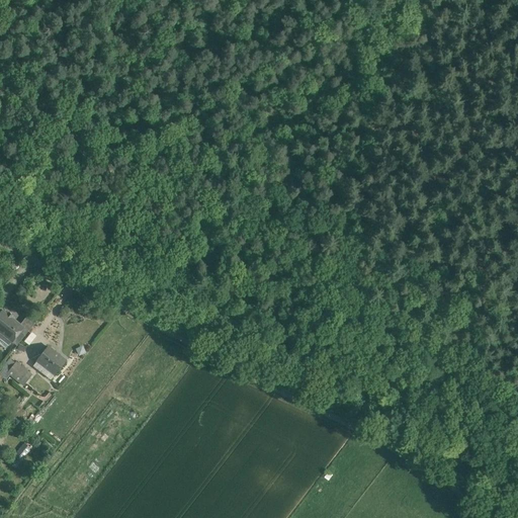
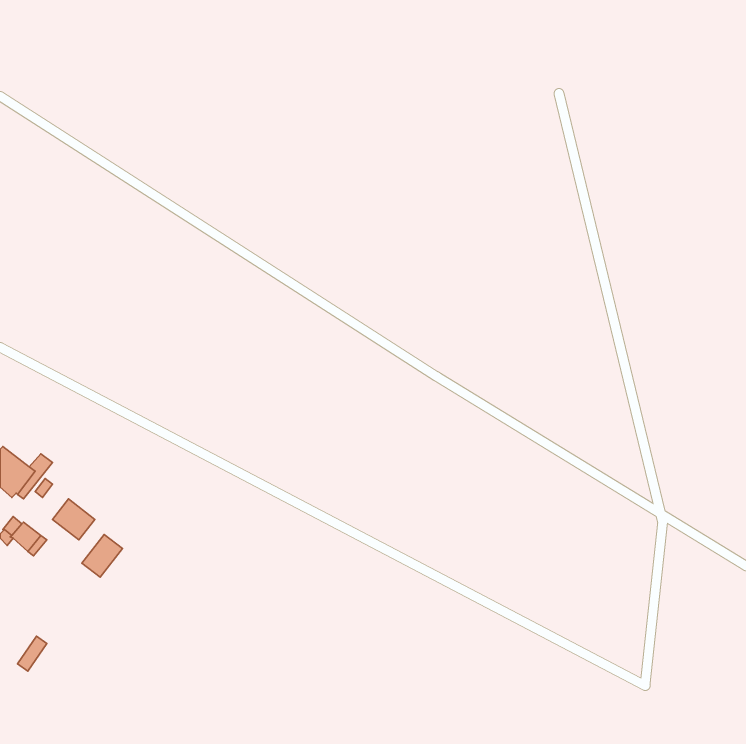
building: none -> [82,535,122,577]

